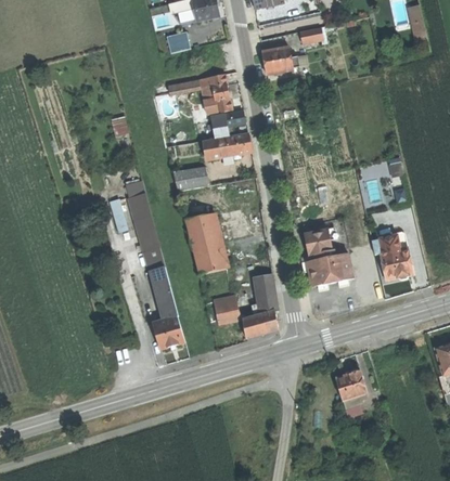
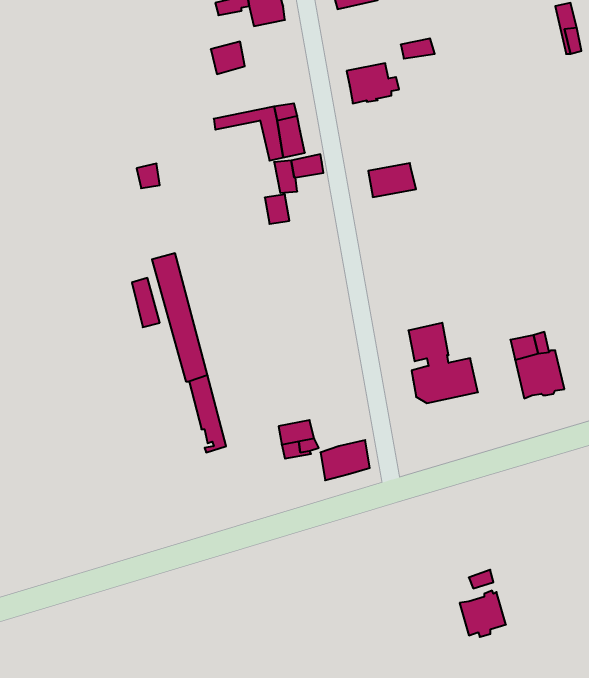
building: [218,133,252,157] -> [368,163,416,197]
building: [172,167,209,192] -> none
building: [185,213,226,274] -> none
building: [255,275,278,315] -> none
building: [152,315,184,349] -> none
building: [335,369,368,402] -> [460,591,506,637]

